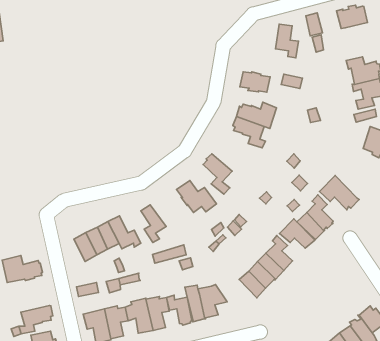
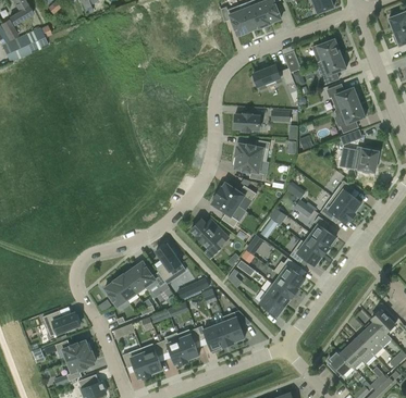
building: none -> [321,53,347,84]
building: none -> [218,182,256,206]
building: none -> [332,181,362,213]
building: none -> [56,339,91,361]

